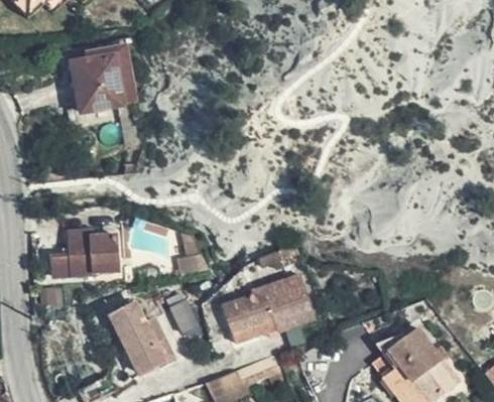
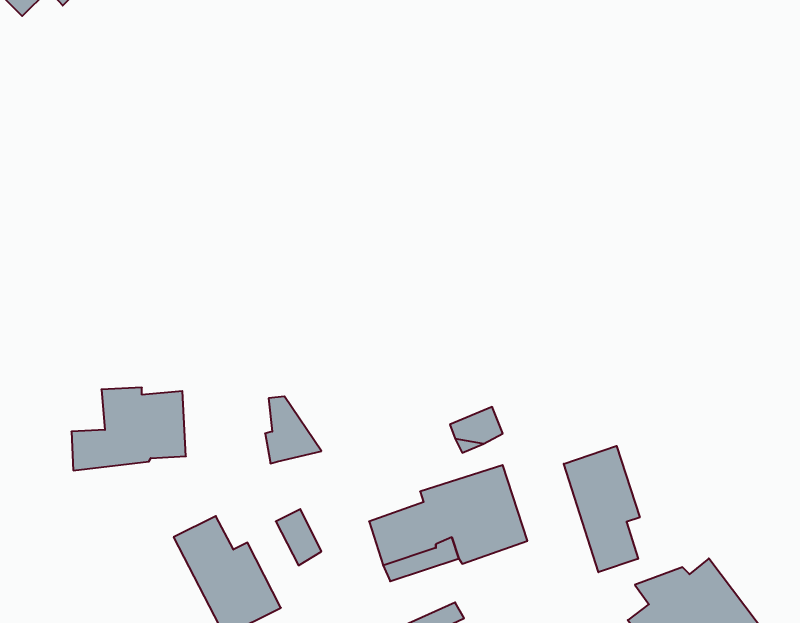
building: [71,42,133,109] -> none
building: none -> [564,446,640,572]

